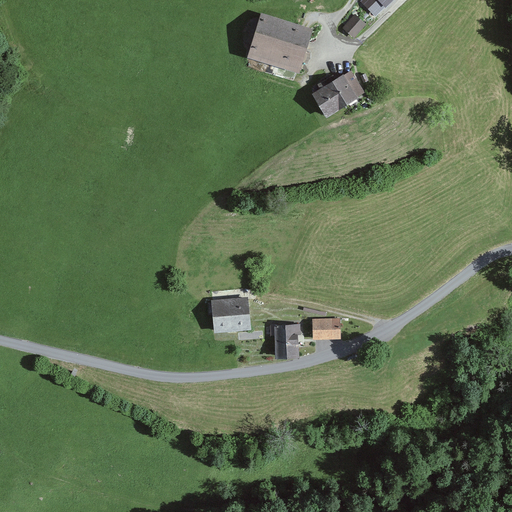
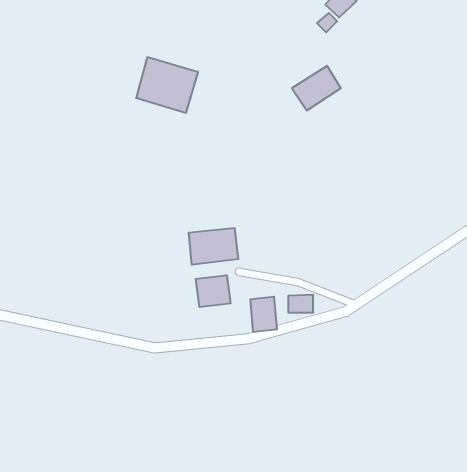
building: [248,12,315,72] -> [136,57,198,113]
building: none -> [189,228,238,265]

